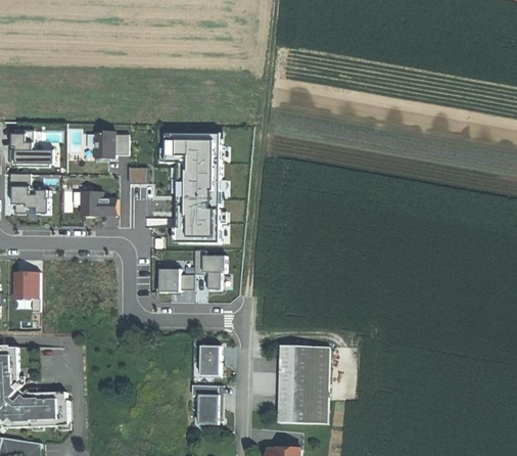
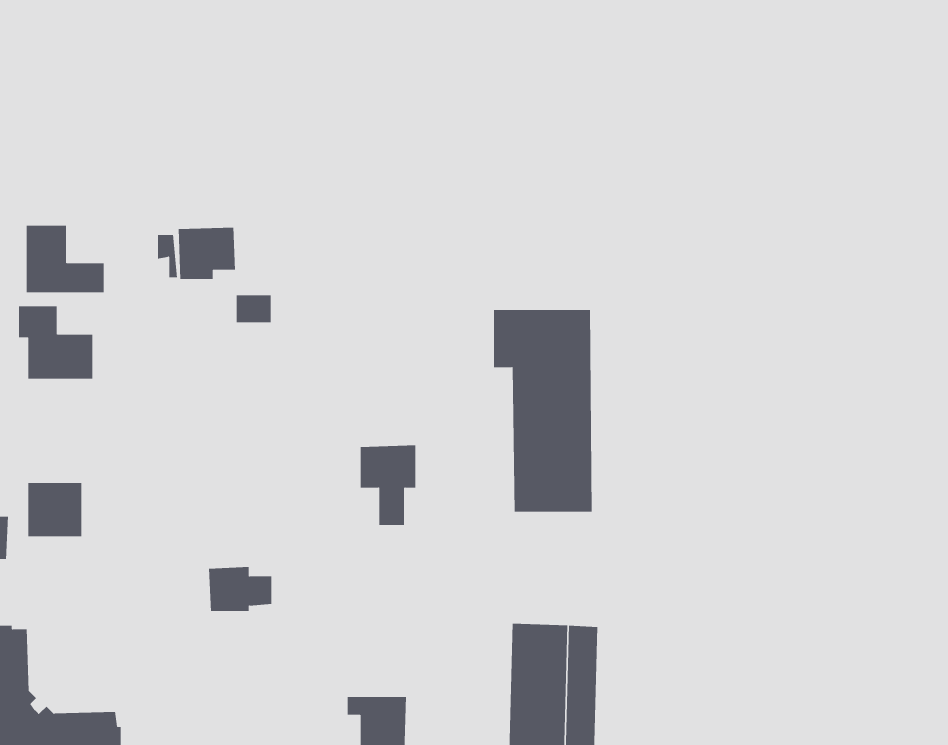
building: [167,130,221,240] -> [493,309,593,512]
building: [82,190,118,216] -> none
building: [157,268,192,292] -> [208,567,272,612]
building: [197,346,220,377] -> none

